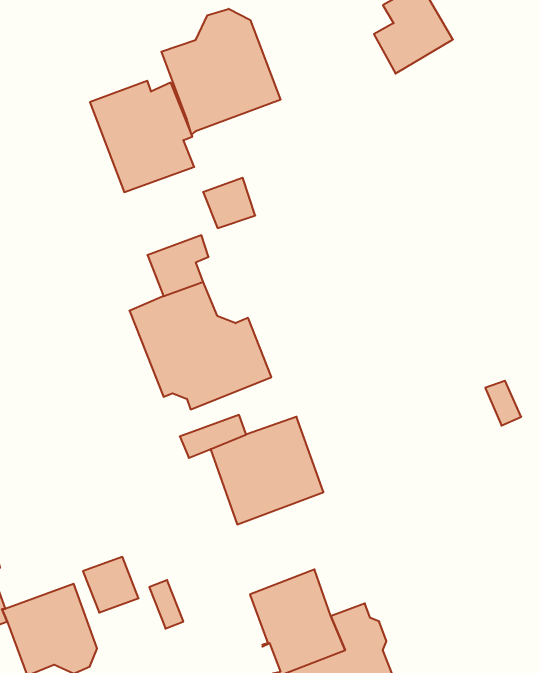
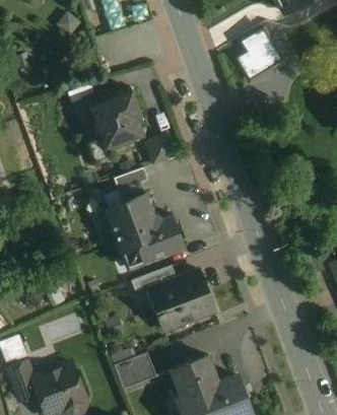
building: [161,9,281,135] -> none
building: [83,557,139,613] -> [125,354,156,386]

